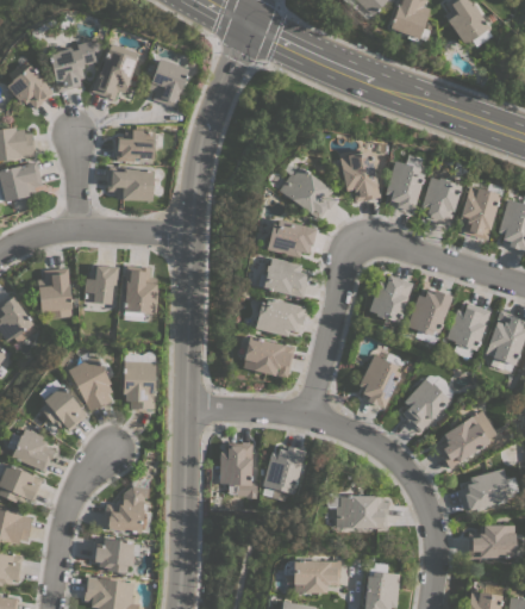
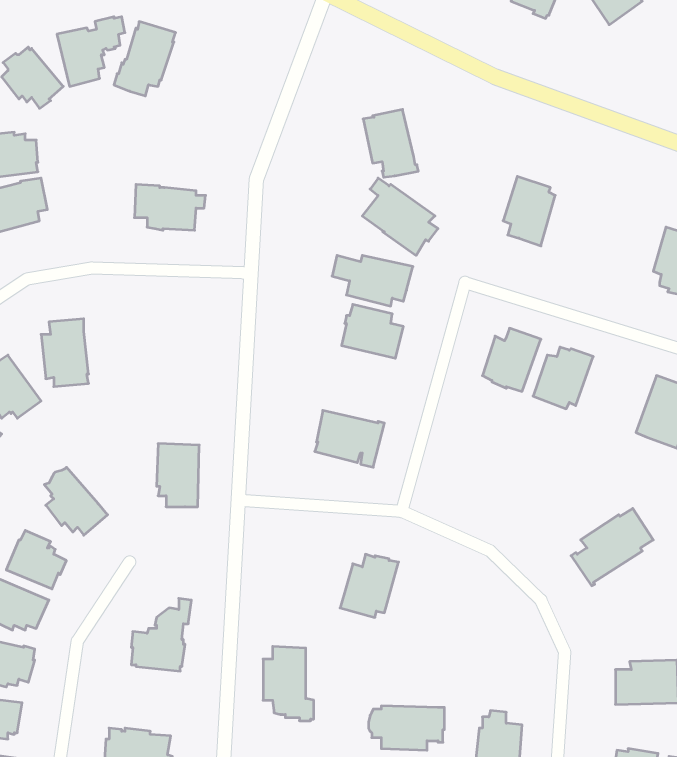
building: [148,57,189,107] -> none
building: [117,129,163,161] -> none
building: [339,150,381,201] -> [363,109,418,177]
building: [421,176,462,225] -> none
building: [460,186,500,240] -> none
building: [85,265,119,310] -> none
building: [124,265,157,321] -> none
building: [248,297,305,336] -> none
building: [446,302,490,349] -> none
building: [68,354,113,410] -> none
building: [358,354,401,408] -> none
building: [402,378,450,431] -> none
building: [220,442,258,498] -> [263,646,314,721]
building: [464,468,510,510] -> none
building: [326,492,388,528] -> none
building: [92,536,140,573] -> none

